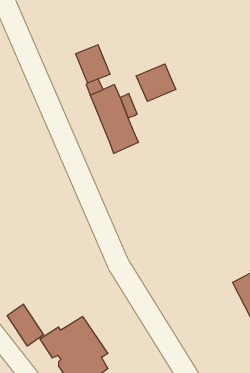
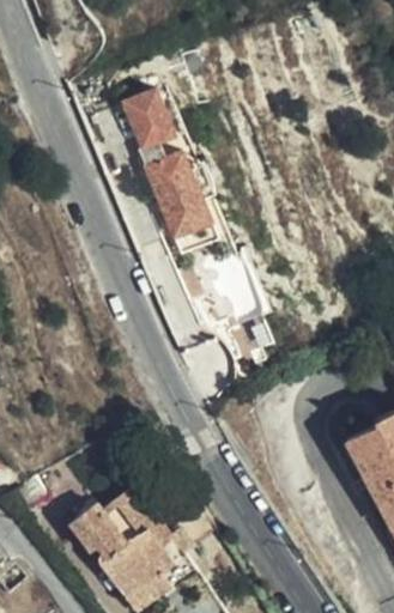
building: [136,64,176,101] -> none
building: [7,304,44,346] -> none

